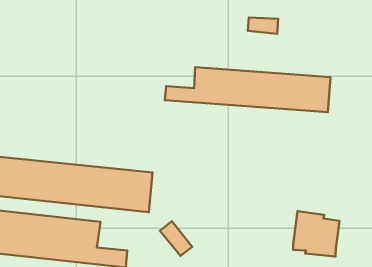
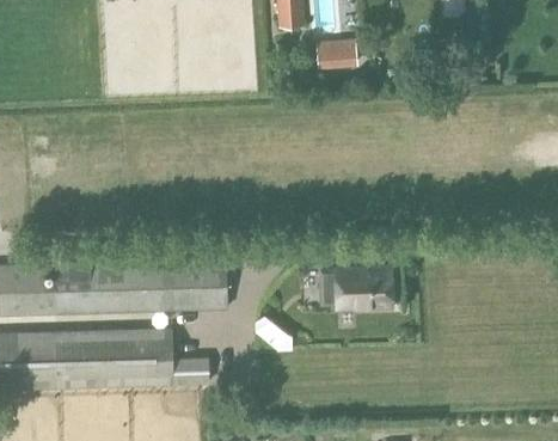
building: [165,67,330,112] -> none
building: [293,211,340,257] -> [337,262,392,313]

